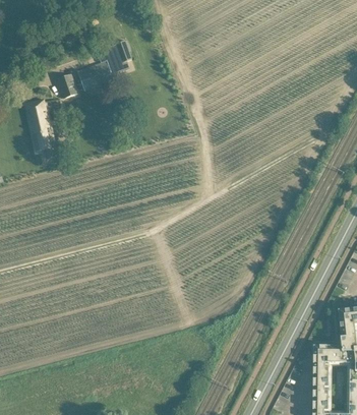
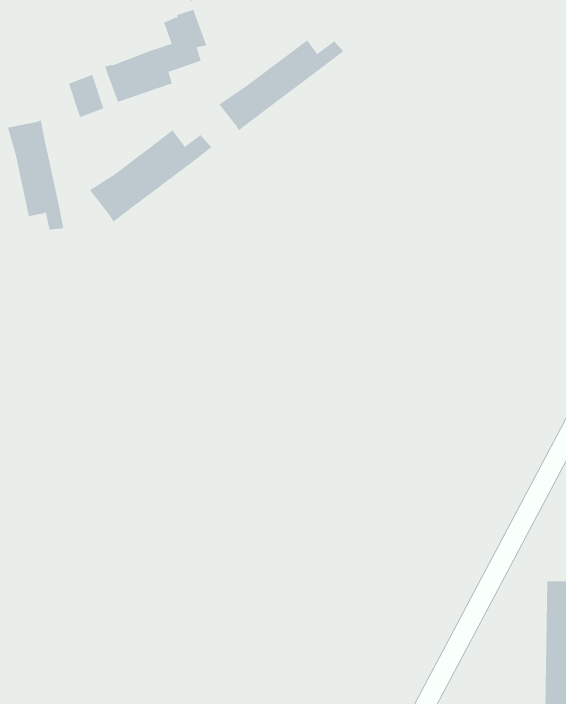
building: none -> [219,40,344,131]
building: none -> [89,130,212,223]

